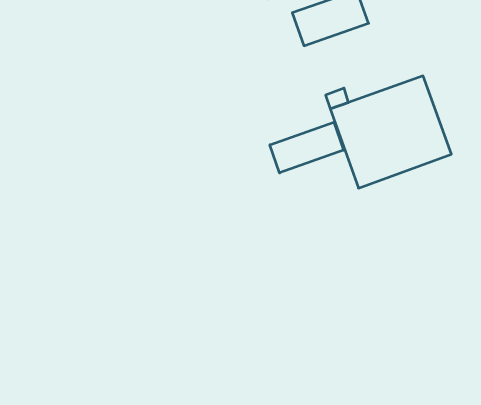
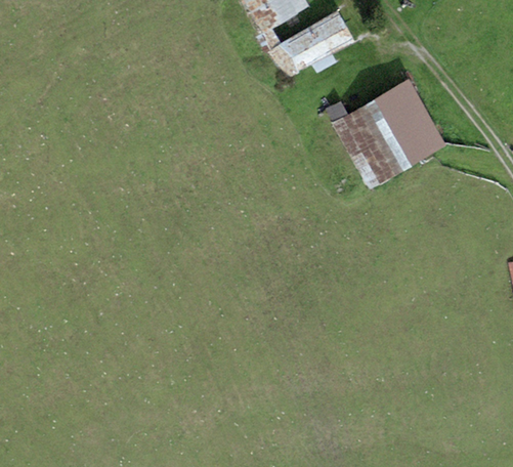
building: [270,122,344,173] -> none

